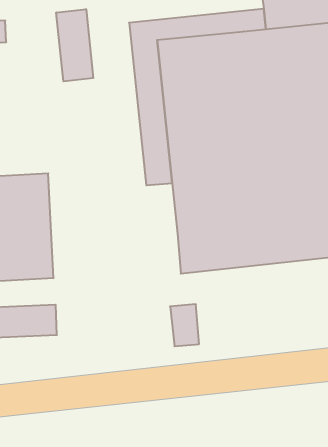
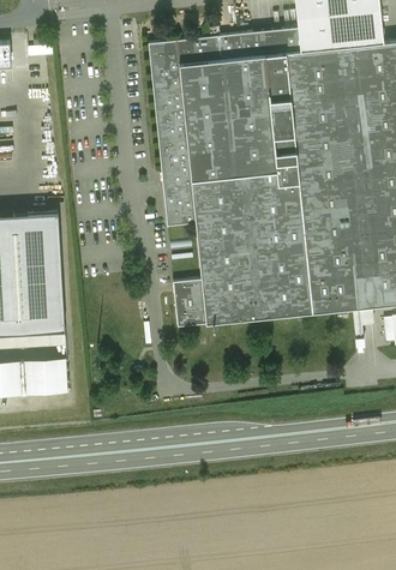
building: [56,9,93,81] -> none
building: [170,304,199,346] -> [174,281,206,328]

